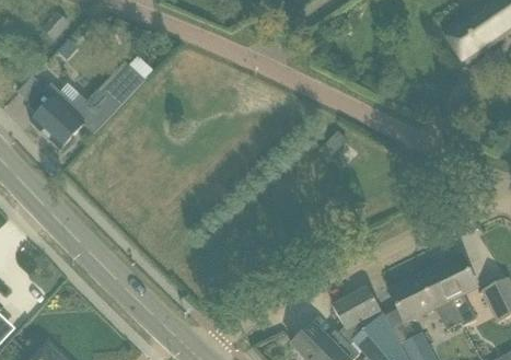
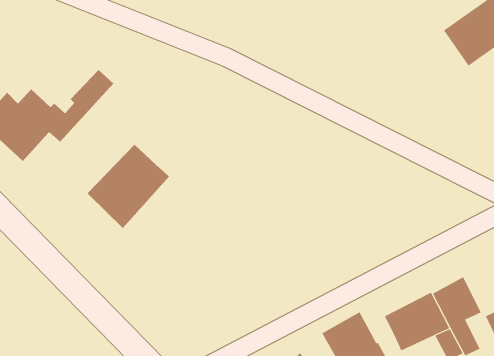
building: none -> [87,144,170,229]

